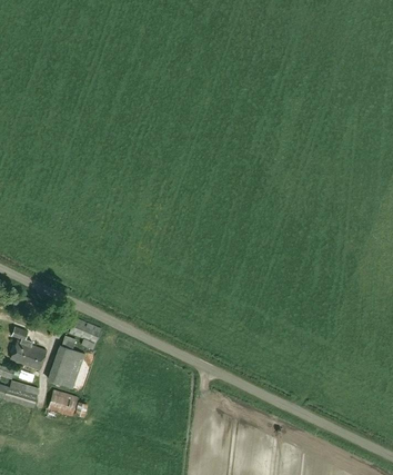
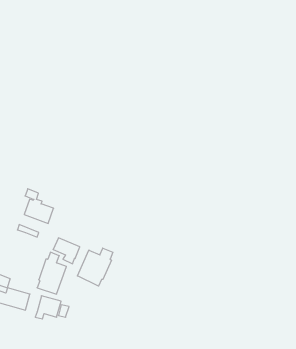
building: [10,327,47,370] -> [24,189,54,223]
building: none -> [77,248,113,286]

